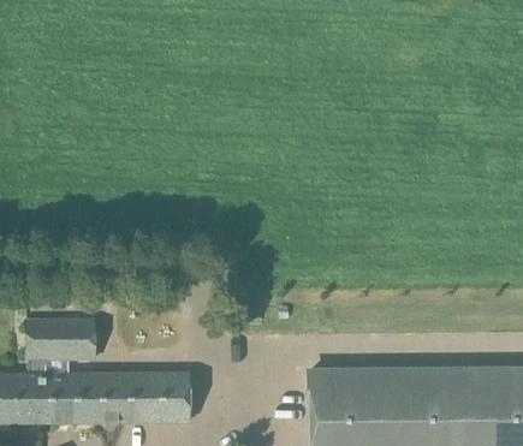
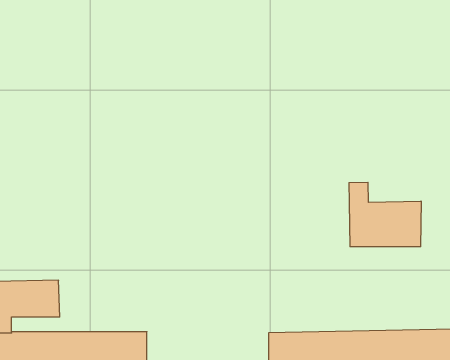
building: none -> [349,182,421,247]

